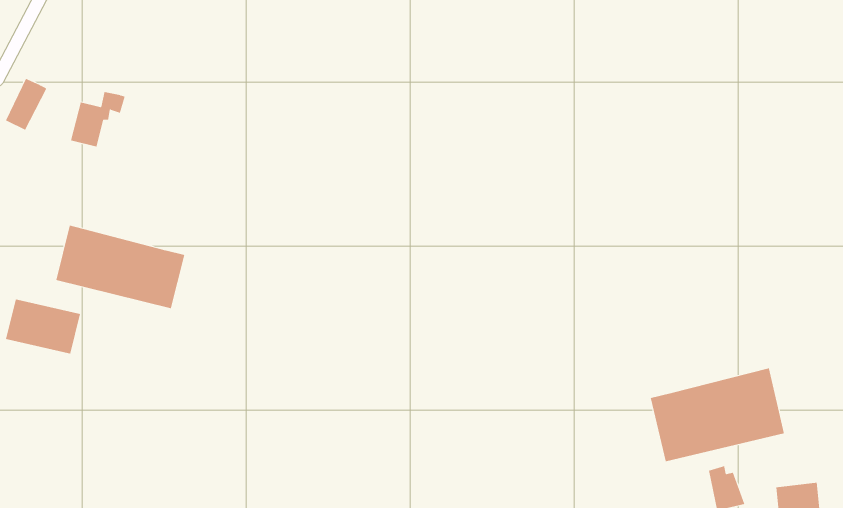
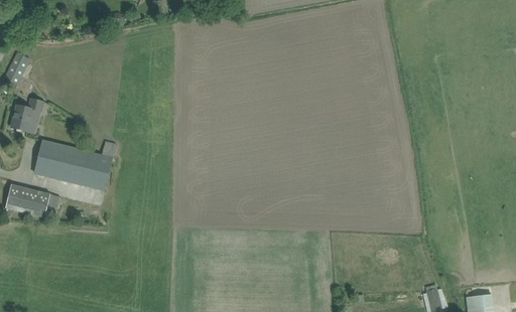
building: [70,92,126,147] -> [10,99,43,132]
building: [650,368,785,462] -> none

